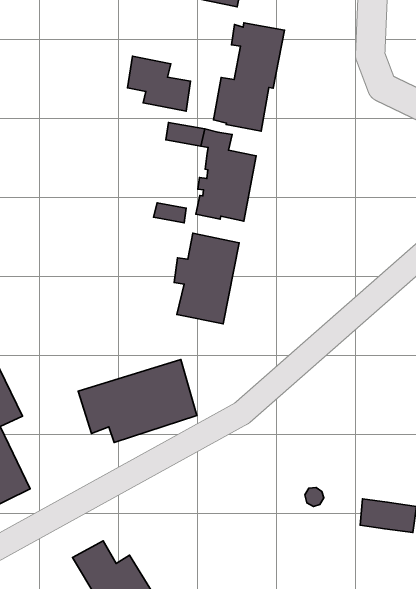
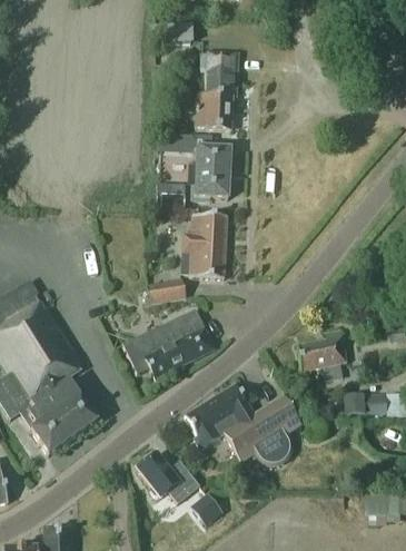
building: [128,56,191,111] -> none
building: none -> [146,278,187,304]
building: none -> [297,329,345,382]
building: none -> [185,385,300,463]

